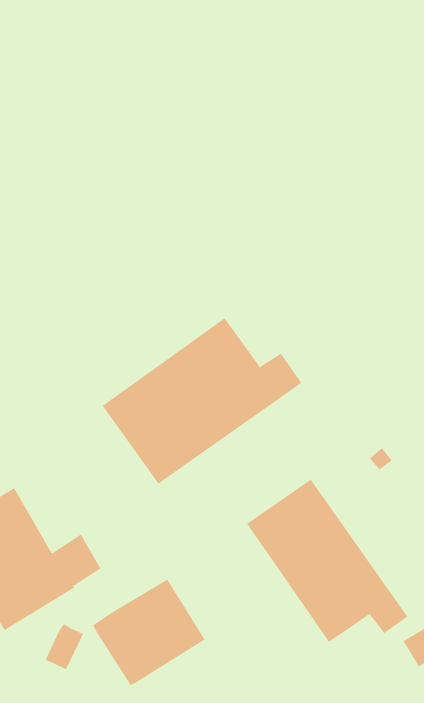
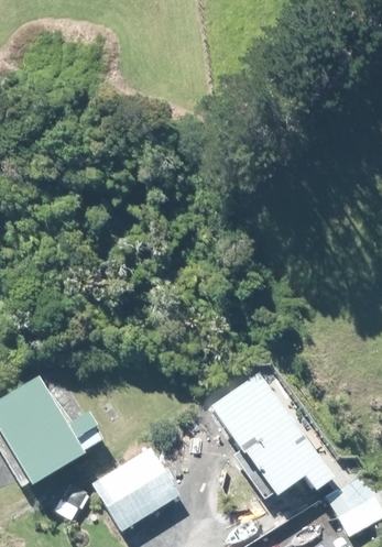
building: [102,318,302,485] -> none

